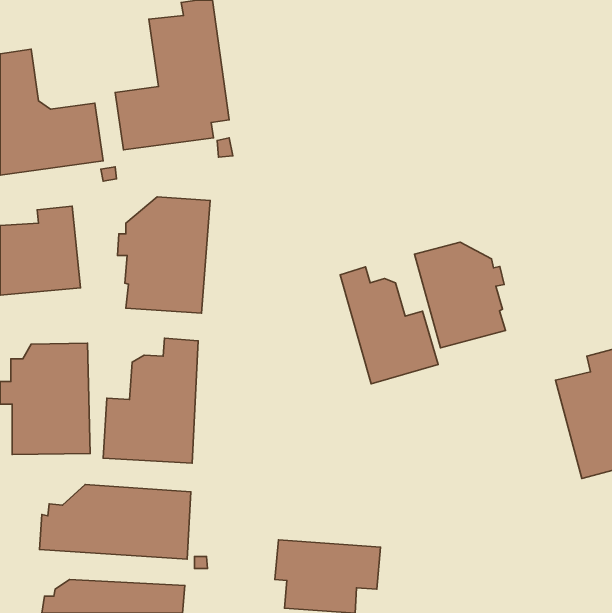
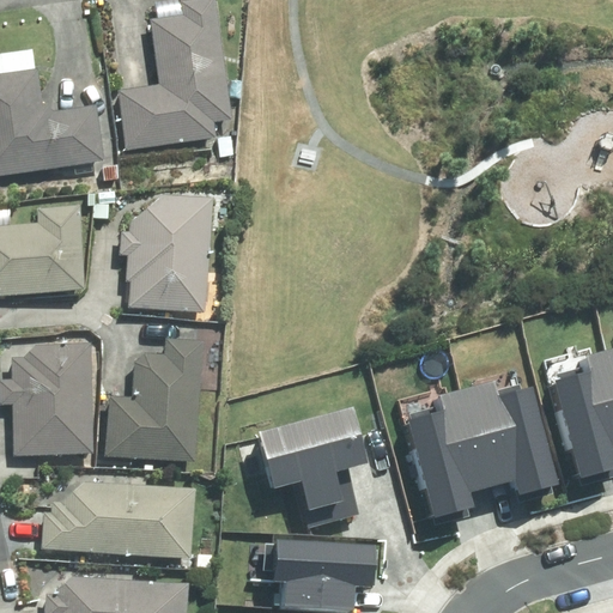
building: [415,242,506,348] -> none
building: [340,267,438,384] -> none
building: none -> [409,378,560,516]
building: none -> [259,407,371,528]

